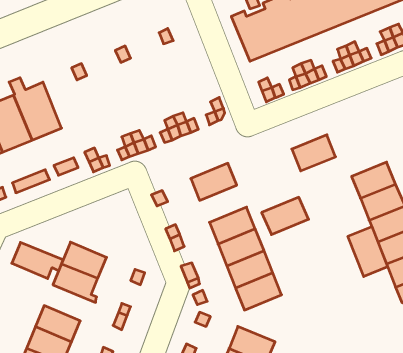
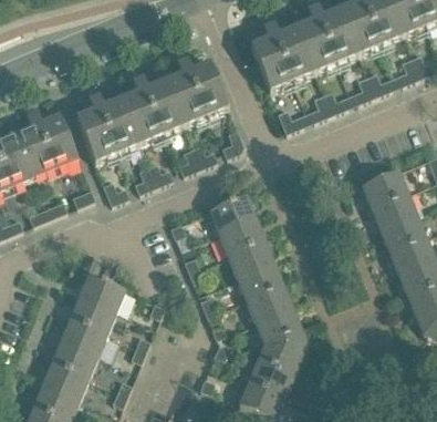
building: none -> [75,61,229,163]
building: [292,135,336,171] -> [363,171,407,207]
building: [262,197,309,235] -> [218,216,266,254]
building: [348,227,388,277] -> none
building: [12,242,63,279] -> [61,317,113,353]
building: none -> [257,327,308,374]

